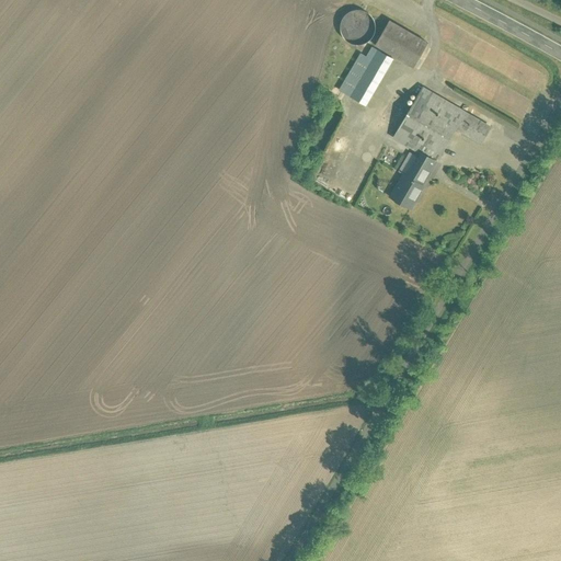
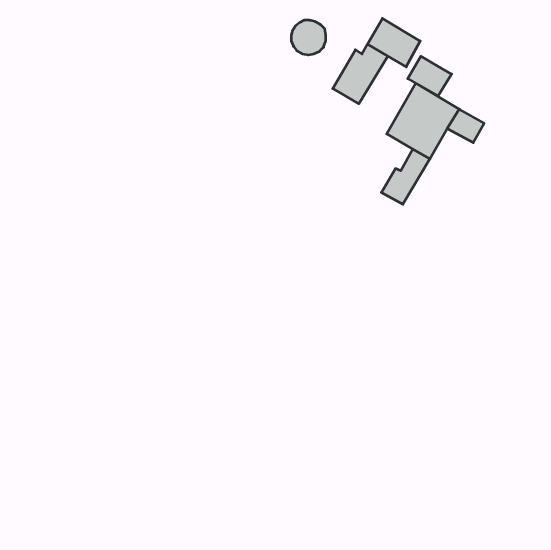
building: [337,9,373,44] -> [291,20,326,55]
building: none -> [408,56,452,96]

